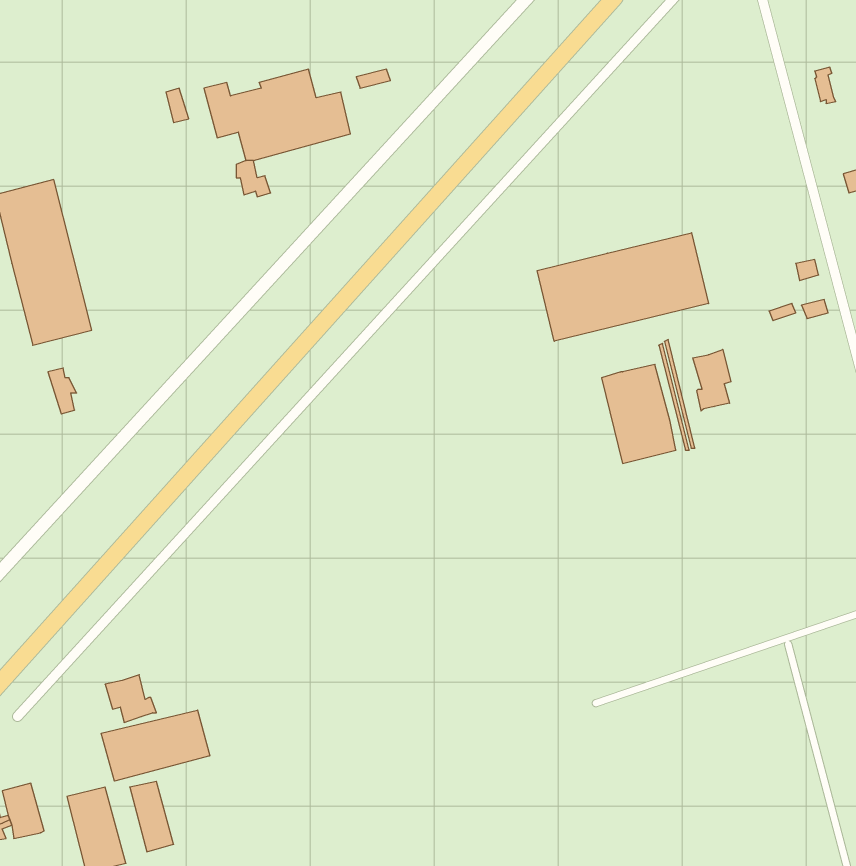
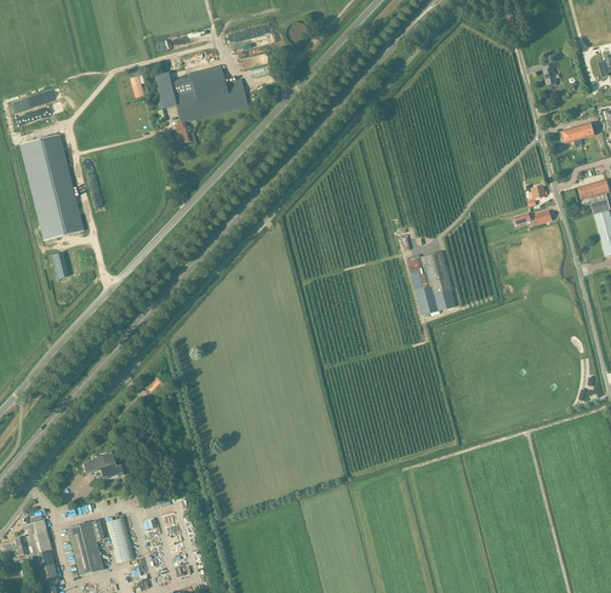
building: [537,233,709,341] -> none
building: [693,349,731,411] -> none
building: [101,710,210,781] -> none

